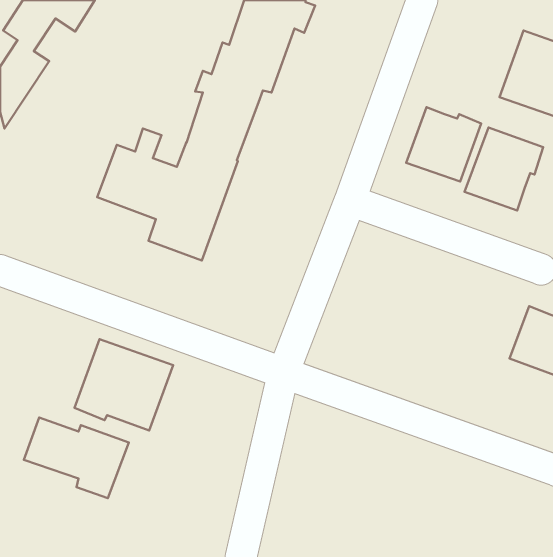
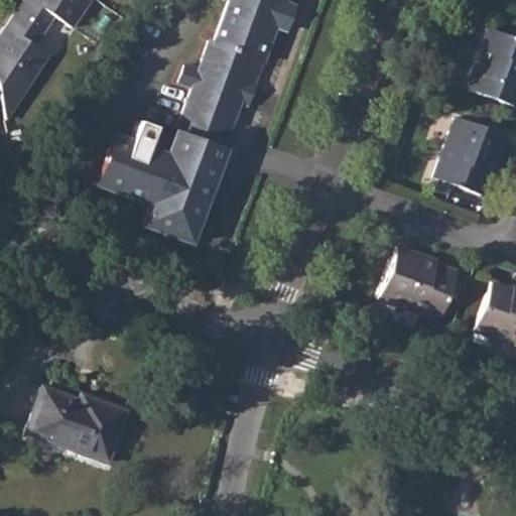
building: [406,107,481,181] -> none
building: none -> [380,247,459,321]
building: [74,339,173,431] -> none

